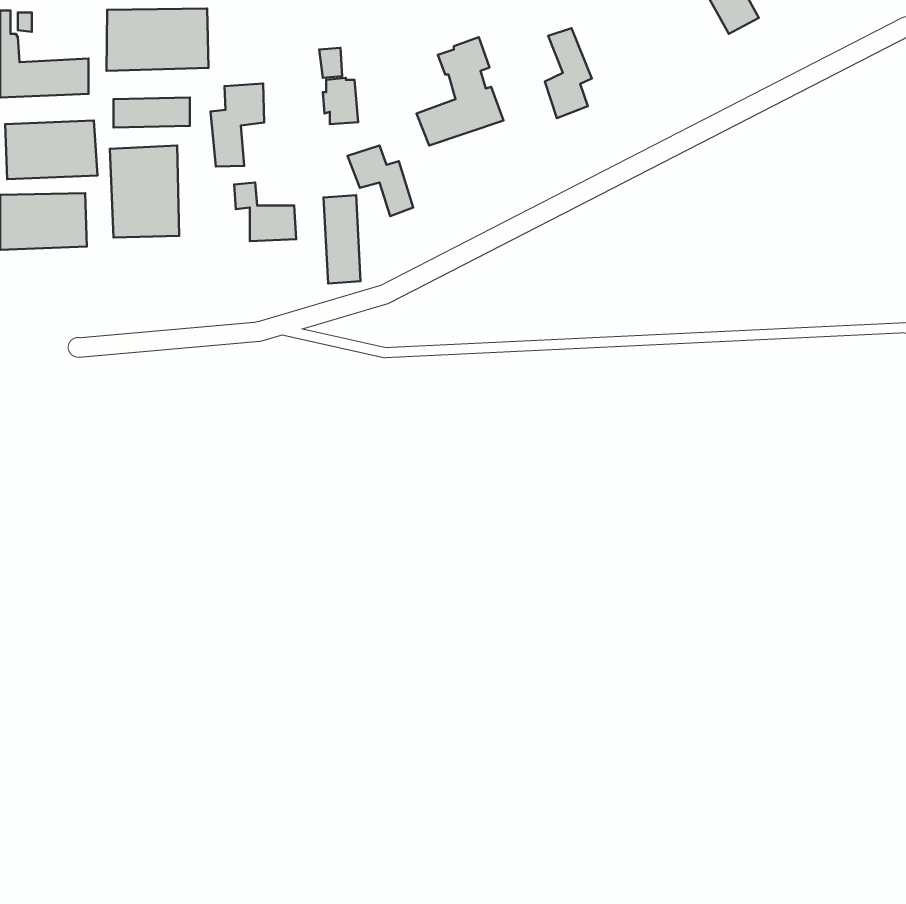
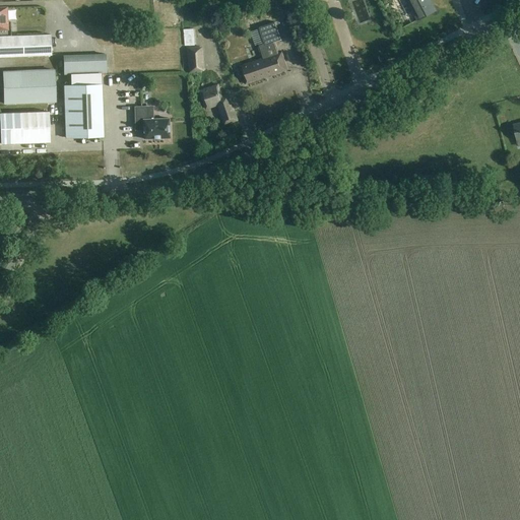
building: [107,9,208,71] -> none
building: [545,28,592,118] -> none
building: [211,83,264,166] -> none
building: [323,195,361,284] -> none

